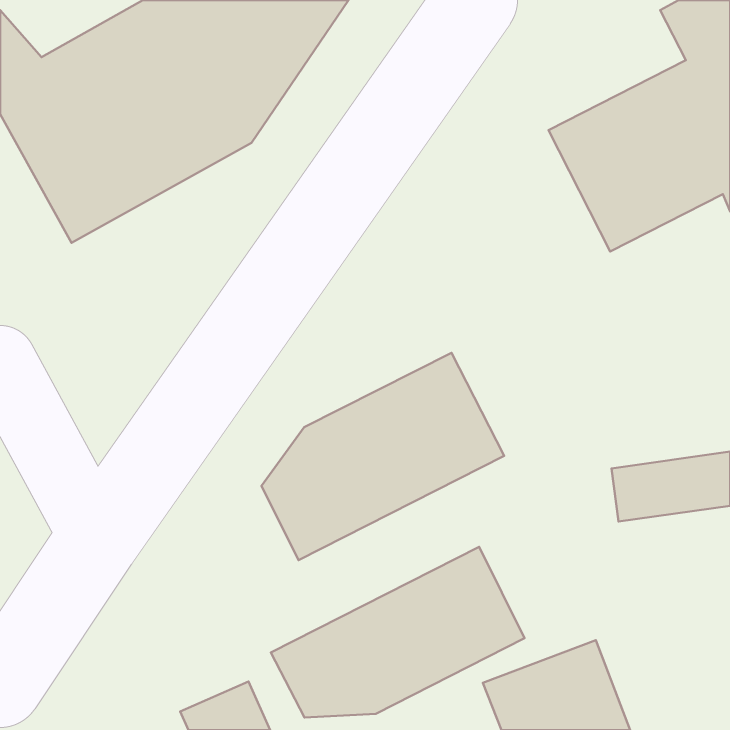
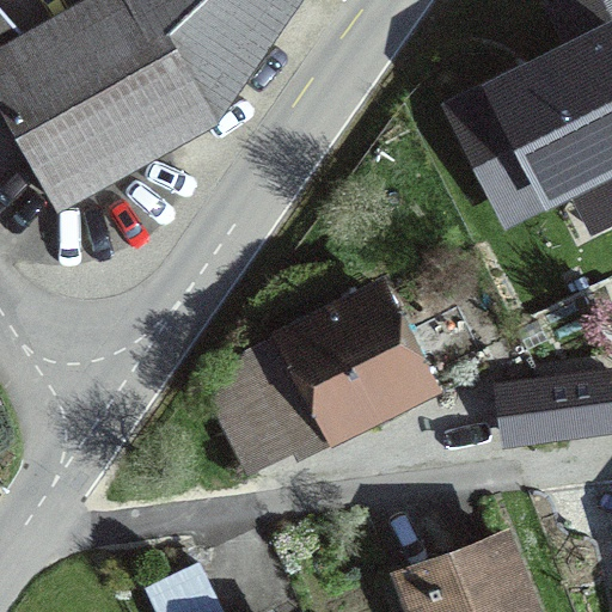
building: [271,547,525,718] -> none

